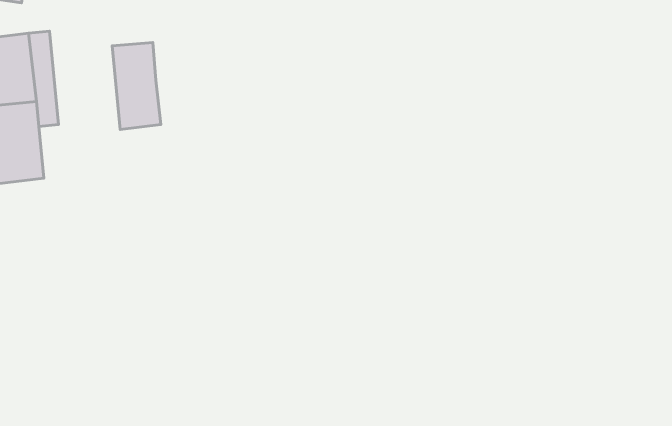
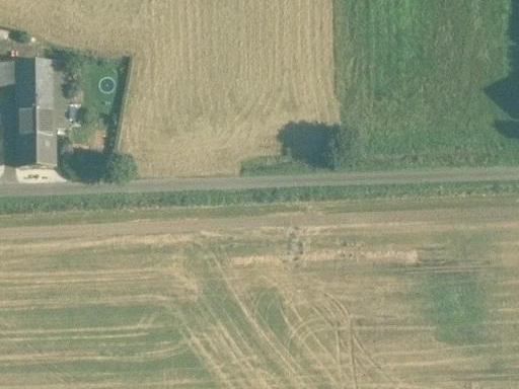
building: [112,42,161,130] -> none

